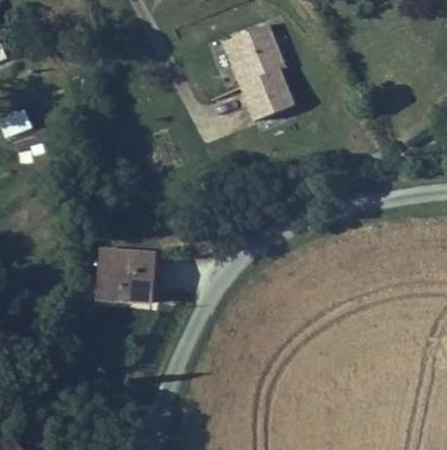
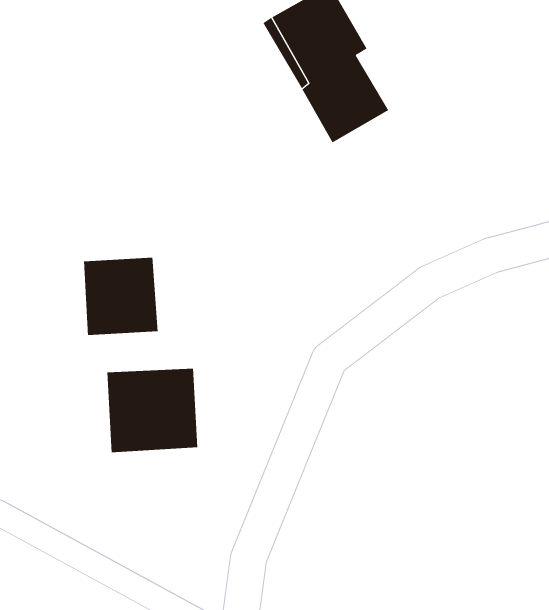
building: none -> [84,257,158,336]

